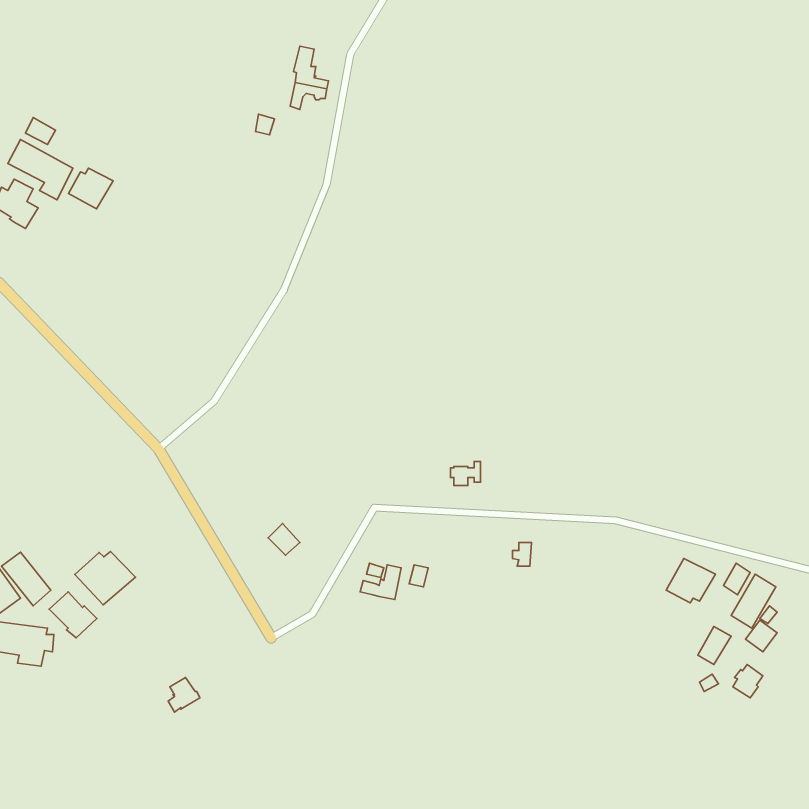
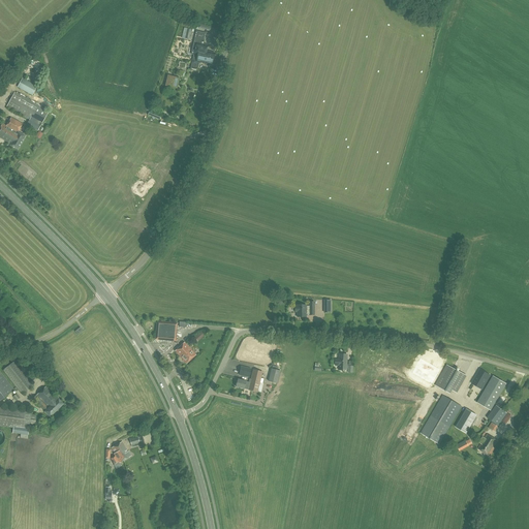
building: [68,168,113,209] -> none
building: none -> [154,319,177,340]
building: [75,551,136,605] -> none
building: none -> [419,394,461,443]

